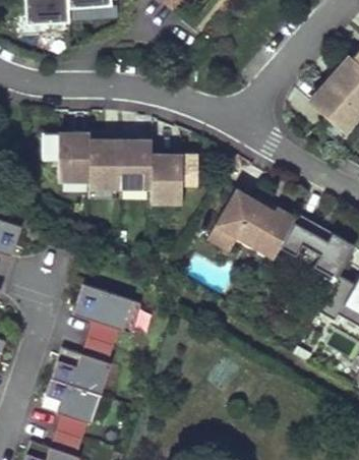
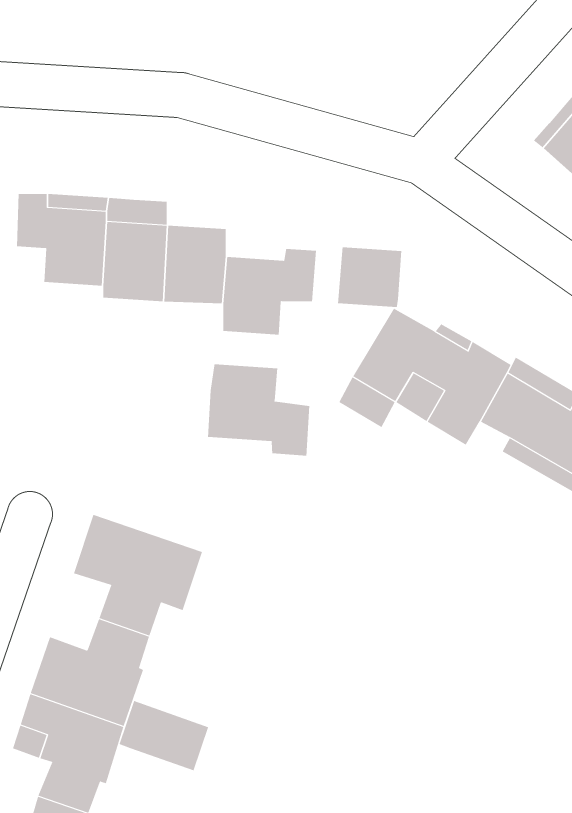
building: none -> [338,246,402,308]
building: none -> [208,363,310,456]
building: none -> [119,700,209,771]

